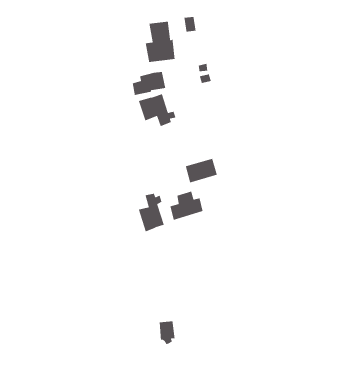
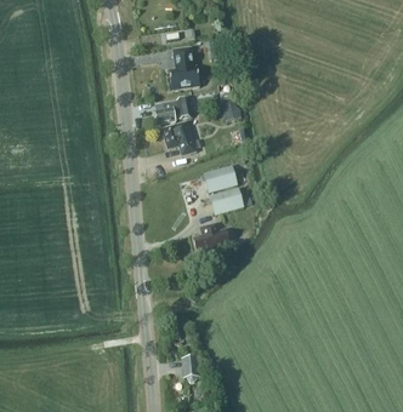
building: none -> [203,166,237,194]
building: [138,193,165,233] -> none

